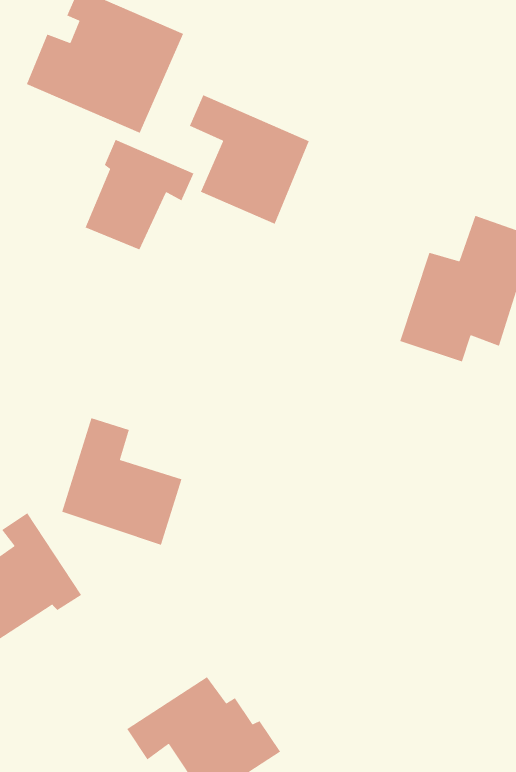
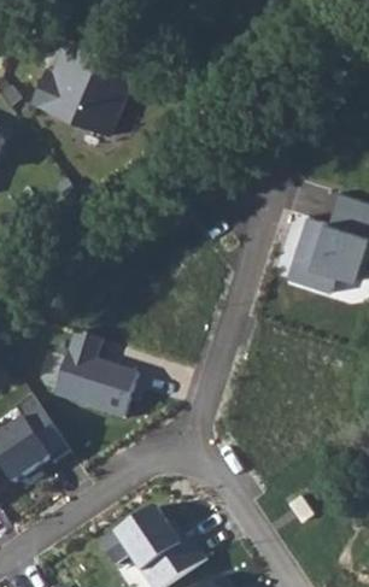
building: [189,94,310,225] -> none
building: [84,139,194,251] -> none

